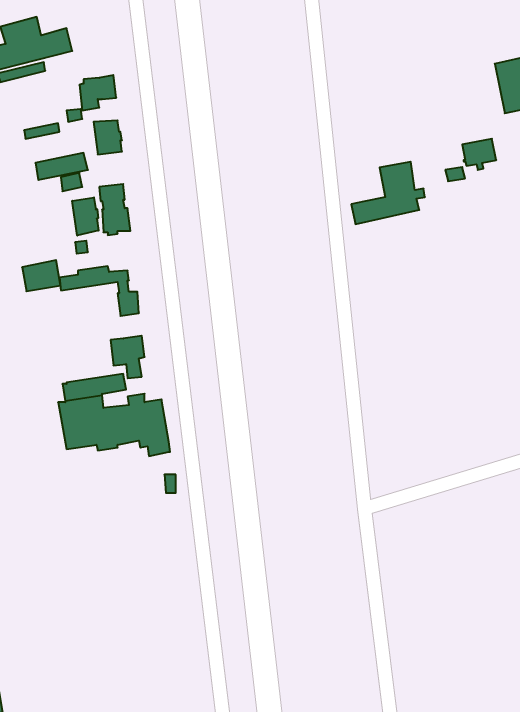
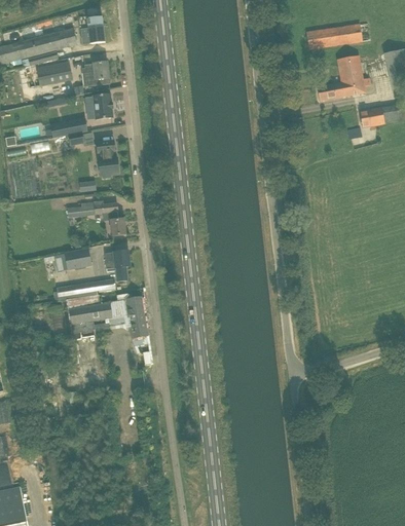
building: none -> [80,16,104,43]
building: none -> [305,25,361,49]
building: none -> [36,64,72,86]
building: [351,162,425,224] -> [316,57,369,102]
building: [72,197,99,236] -> none
building: [22,260,60,291] -> [63,248,90,270]

